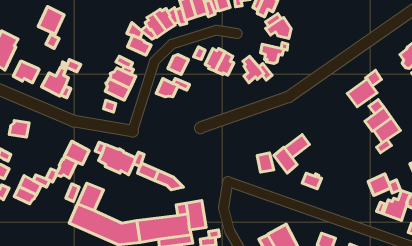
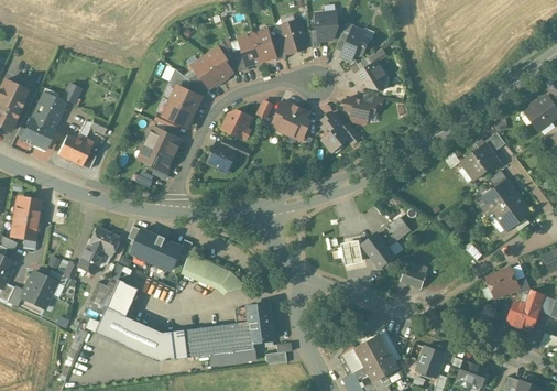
building: [38,7,64,34] -> [31,93,65,129]
building: none -> [164,100,195,127]
building: none -> [12,216,37,239]

